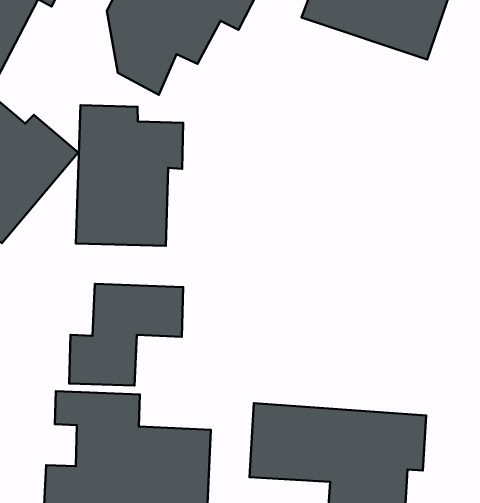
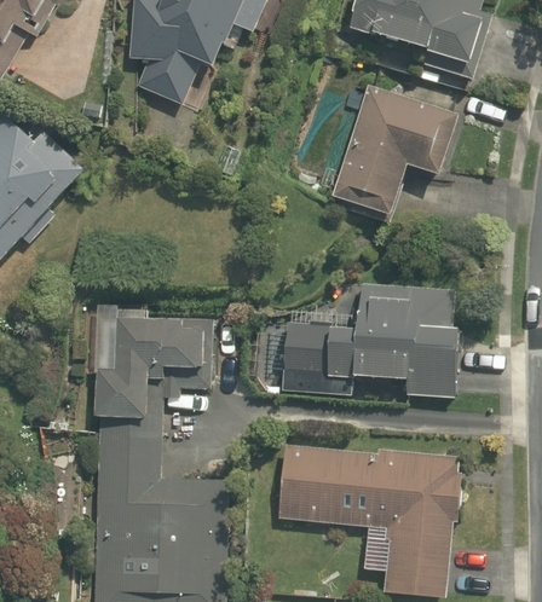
building: none -> [328,82,466,218]
building: [76,105,183,246] -> none
building: none -> [271,282,455,404]

